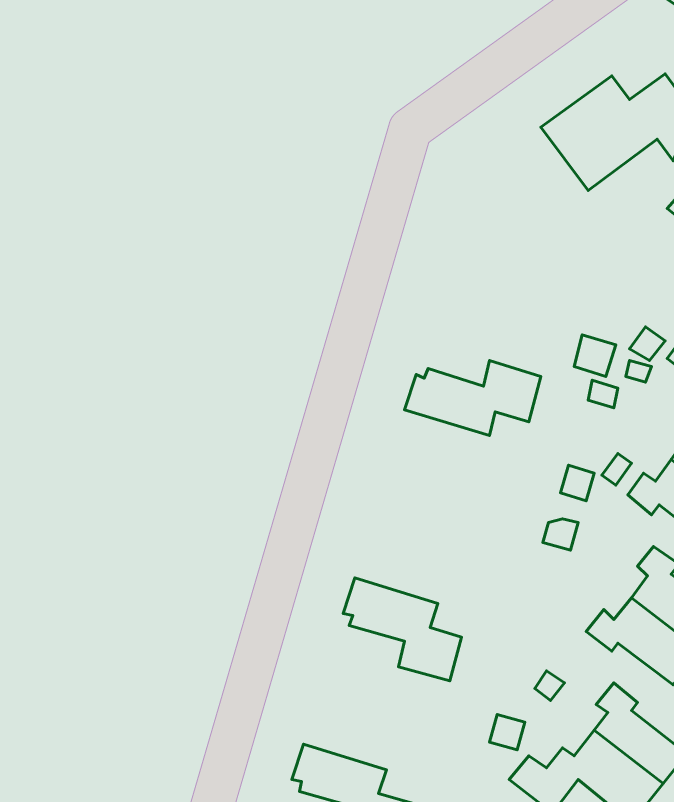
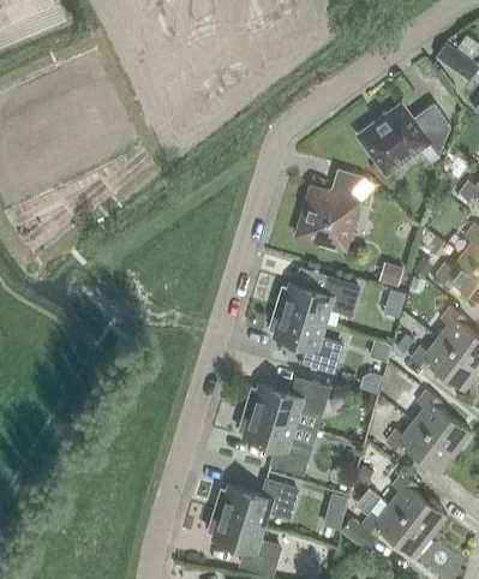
building: none -> [297,171,373,252]
building: none -> [269,308,341,371]
building: none -> [245,380,328,425]
building: none -> [214,480,297,526]

